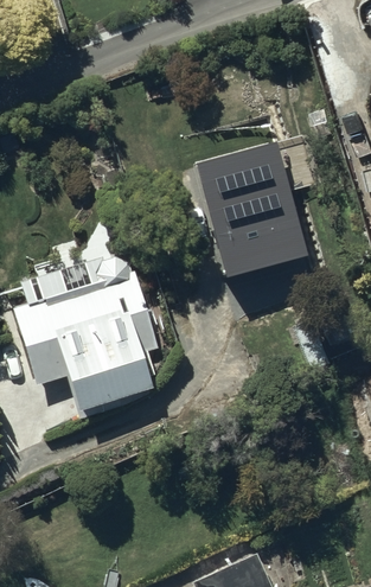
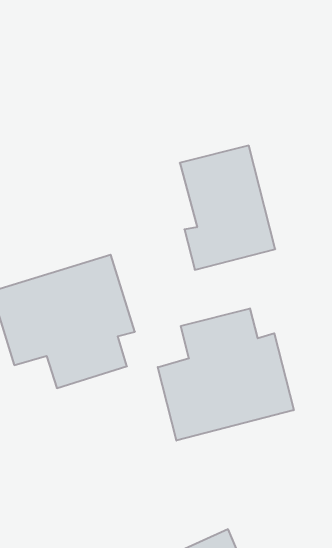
building: none -> [158,308,294,441]

